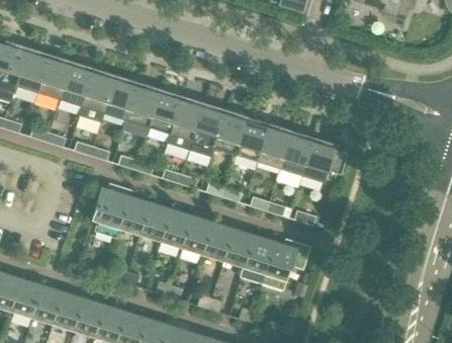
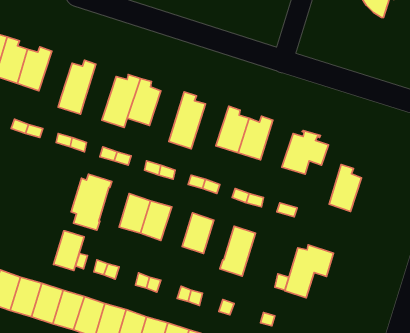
building: [59,60,92,105] -> none
building: [103,73,135,119] -> none
building: [166,97,203,150] -> none
building: [213,110,248,154] -> none
building: [279,128,311,175] -> [329,165,362,211]
building: [118,195,149,235] -> [54,231,84,271]
building: [180,215,211,254] -> none
building: [222,228,253,267] -> none
building: [261,238,309,290] -> [285,245,334,298]

